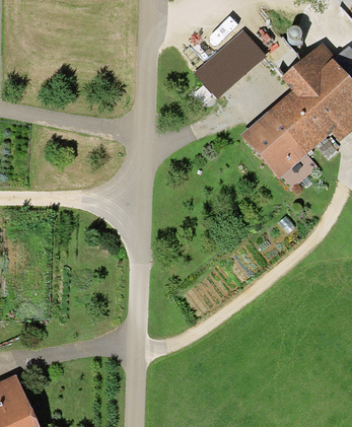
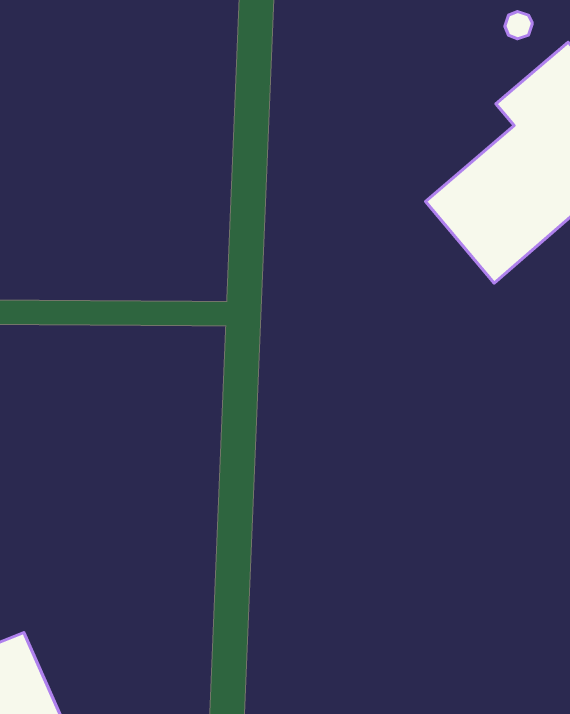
building: [194,28,266,97] -> none

